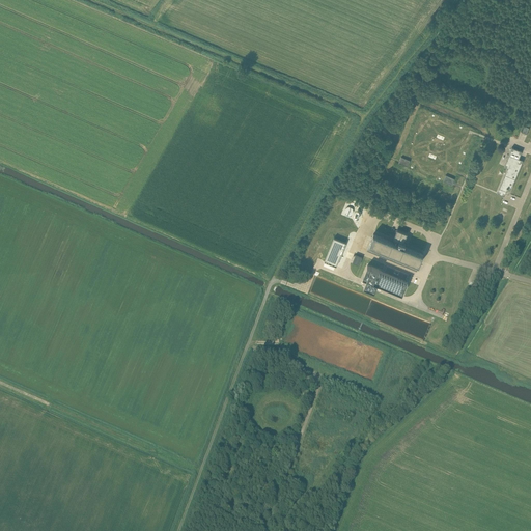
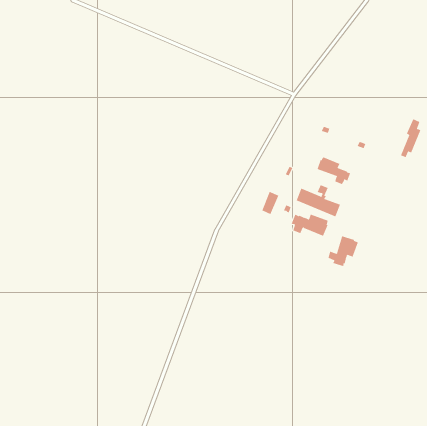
building: none -> [317,156,351,185]
building: none -> [328,235,358,267]

